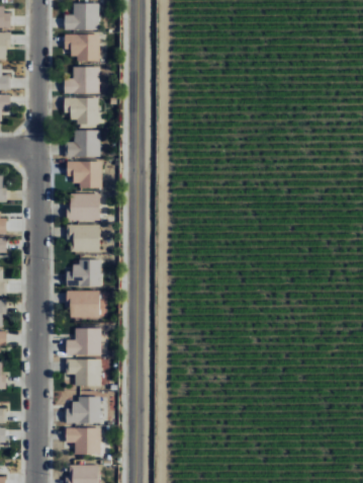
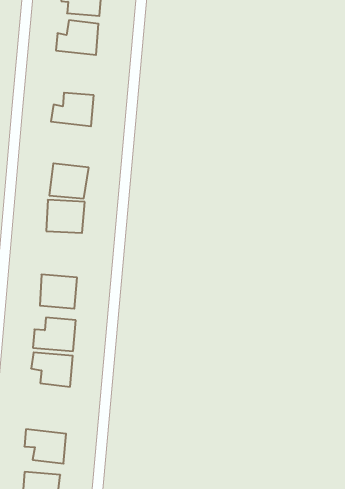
building: [64,97,104,124] -> none
building: [67,161,102,186] -> none
building: [66,260,101,287] -> none
building: [65,398,100,424] -> none

